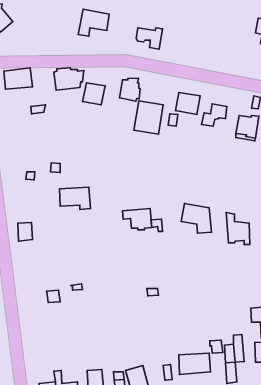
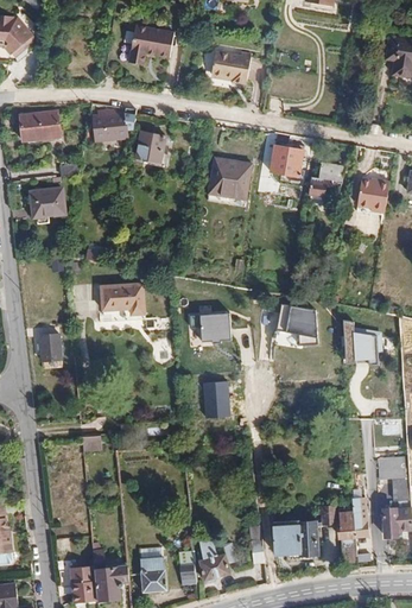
building: [119,78,140,101] -> none
building: none -> [30,188,64,217]
building: none -> [202,380,232,418]

